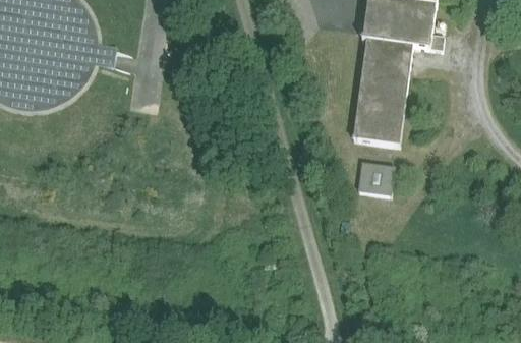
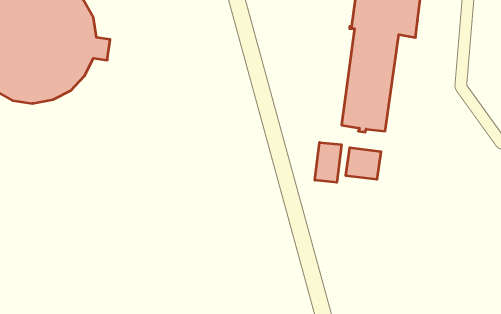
building: none -> [315,142,341,182]

